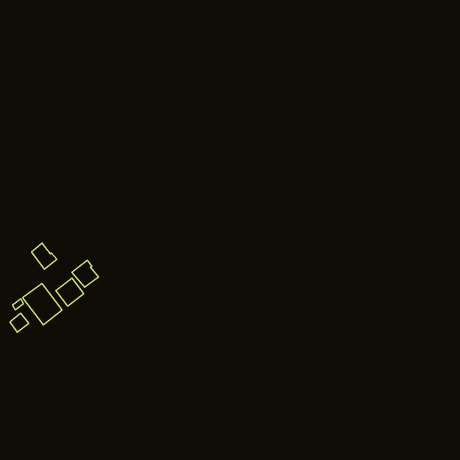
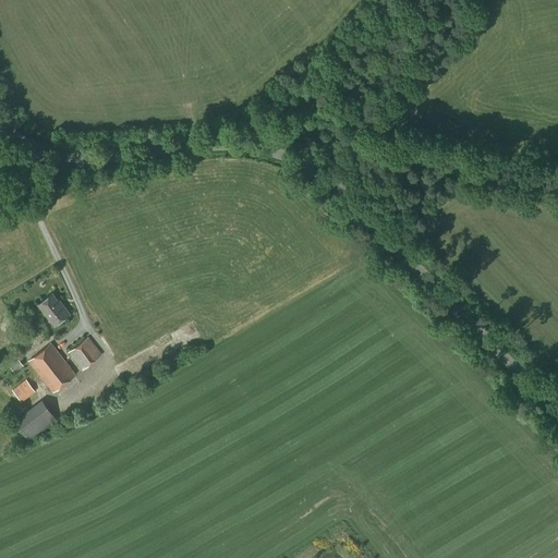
building: [72,260,98,287] -> none
building: none -> [13,400,57,442]

